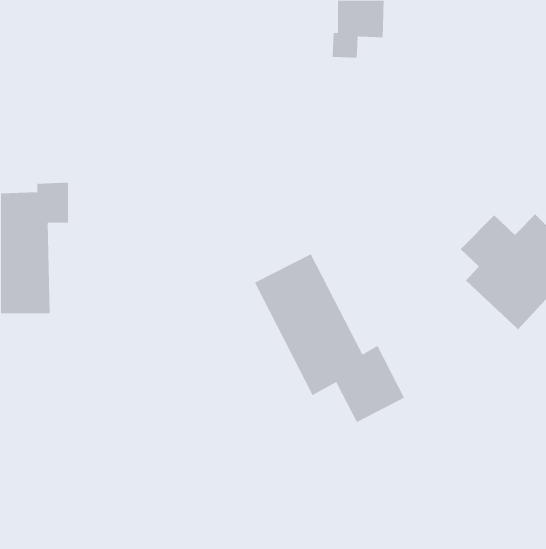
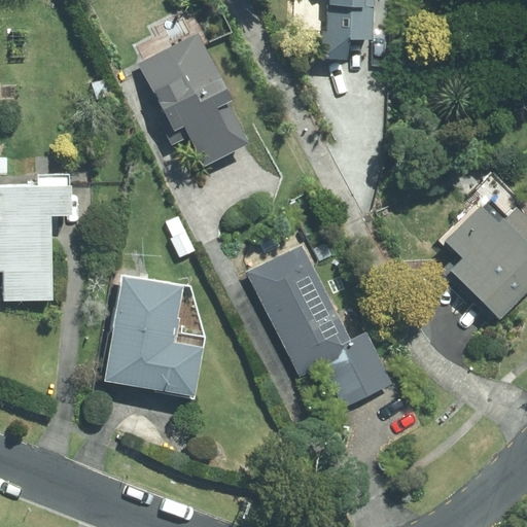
building: none -> [142,47,250,164]
building: none -> [106,275,200,393]

